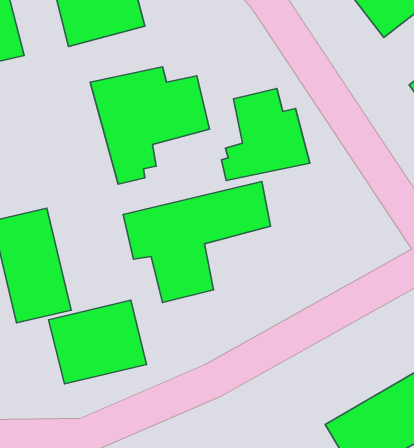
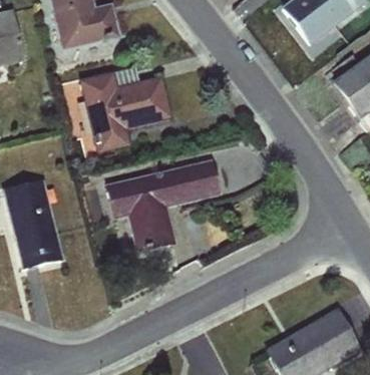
building: [221,88,310,180] -> none
building: [49,300,147,384] -> none

